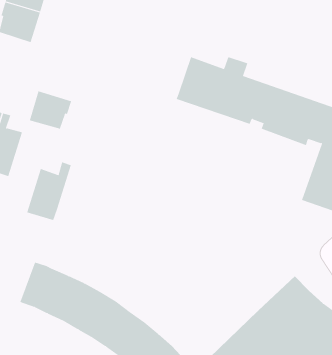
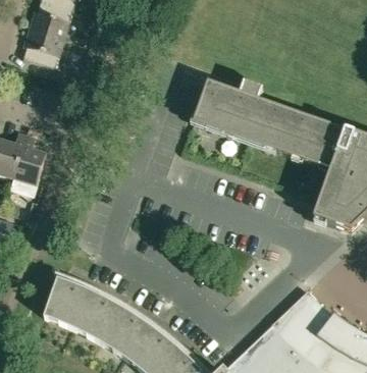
building: [29,90,72,130] -> none
building: [27,161,71,221] -> none

